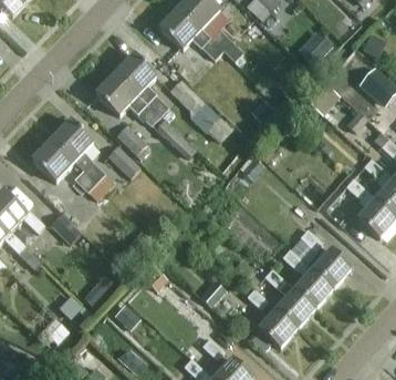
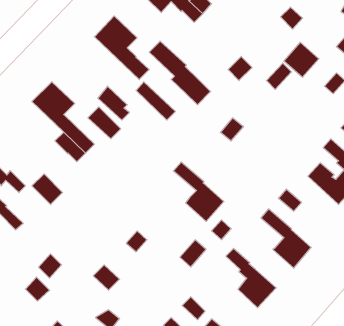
building: [95,73,159,125] -> none
building: [31,138,74,182] -> none
building: [313,248,352,286] -> none
building: [264,267,315,327] -> [173,162,224,221]

